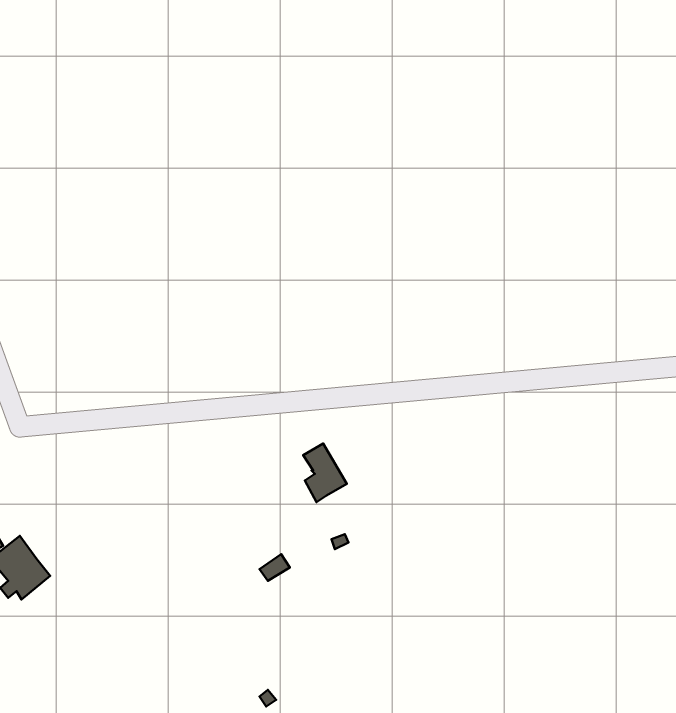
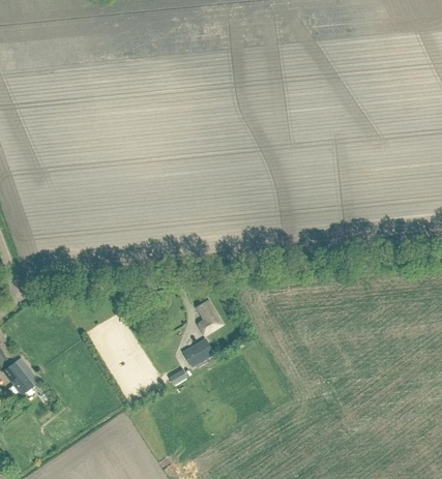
building: none -> [182,339,214,368]

